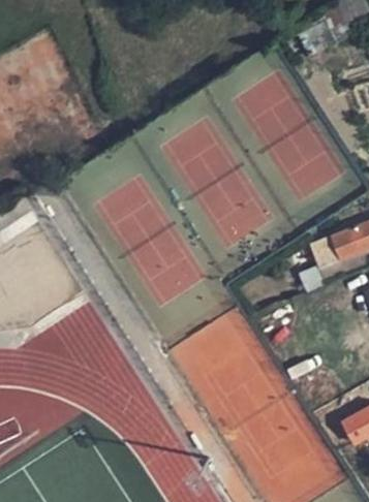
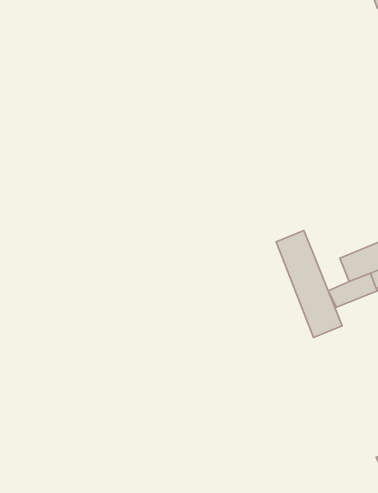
building: none -> [276,231,342,338]

